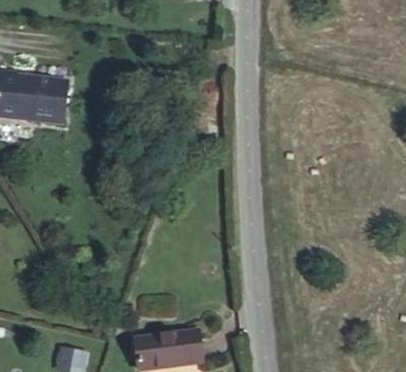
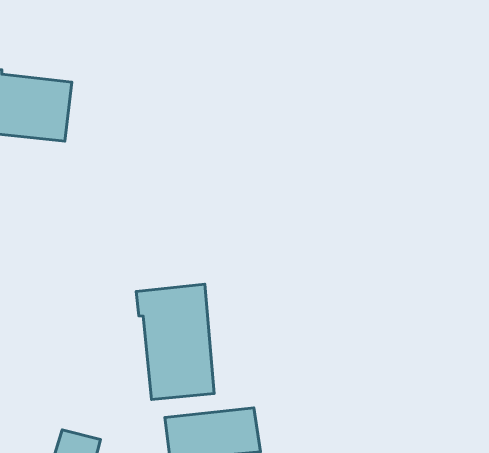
building: none -> [136,284,214,399]

